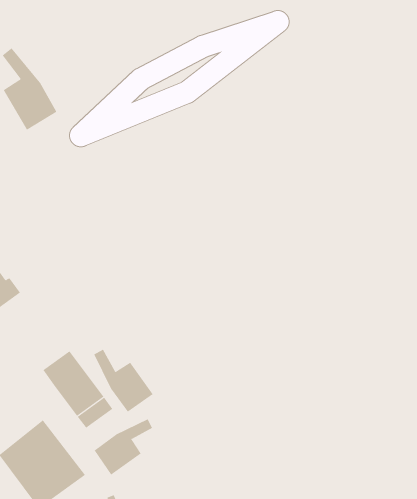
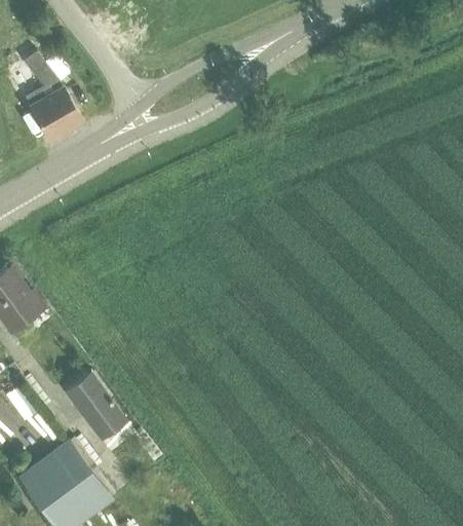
building: [93,349,154,412] -> none
building: [94,419,153,476] -> none

